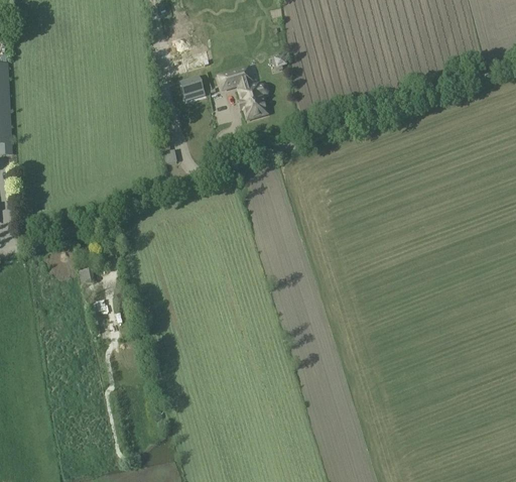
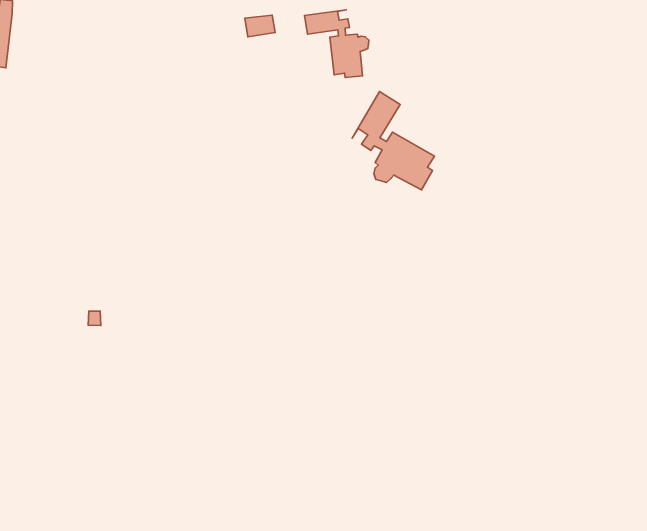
building: none -> [352,92,434,190]

